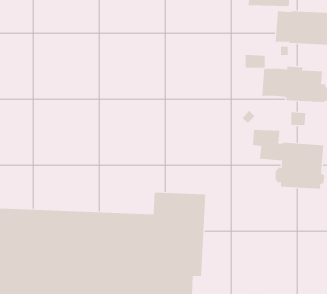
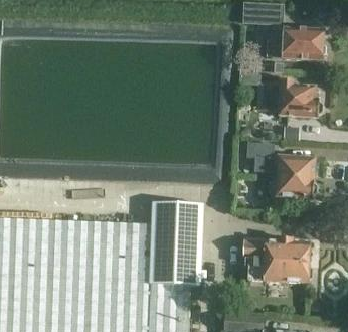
building: none -> [241,239,312,283]

